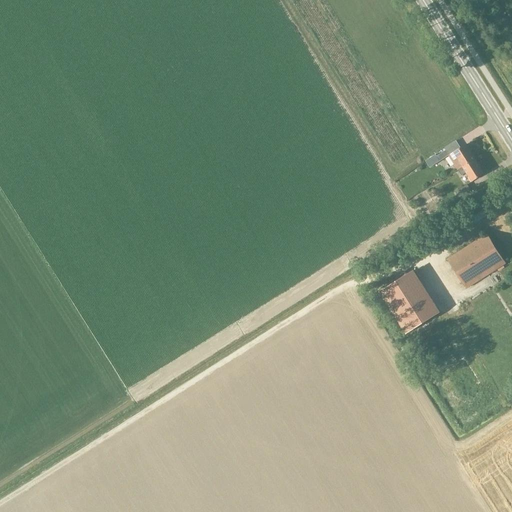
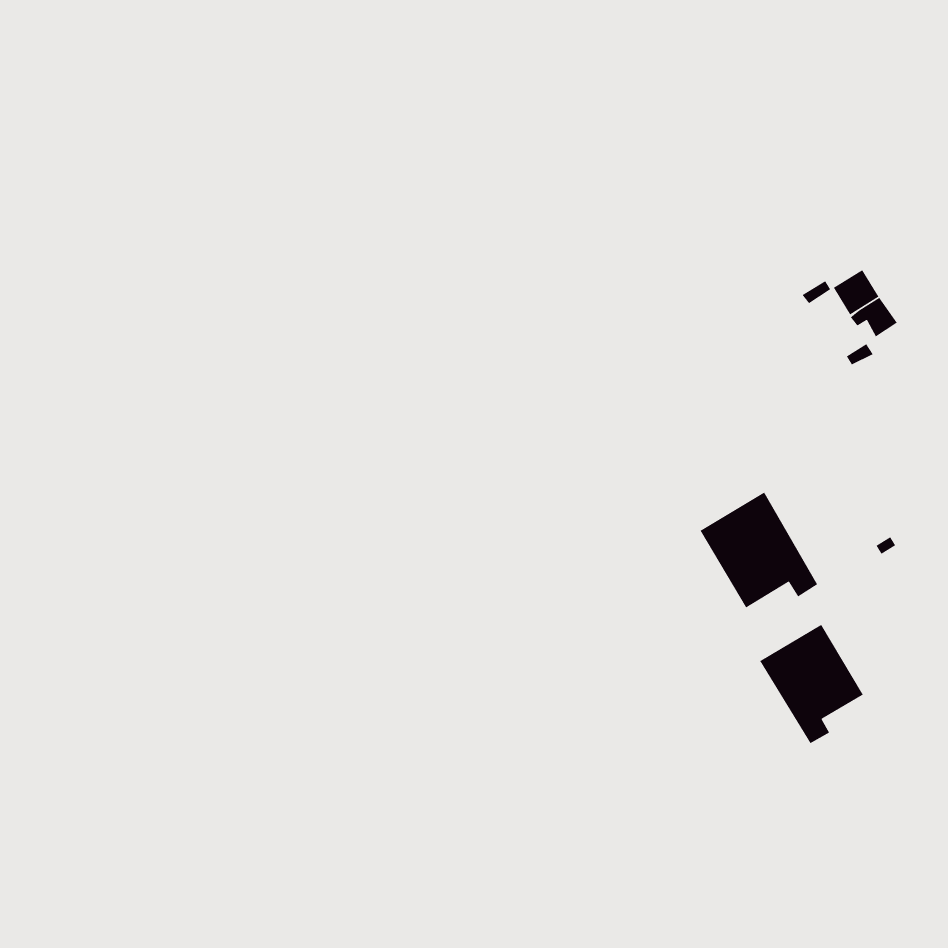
building: [448,234,505,289] -> none
building: none -> [759,624,864,744]

